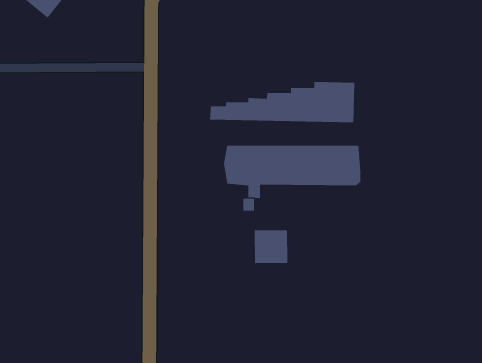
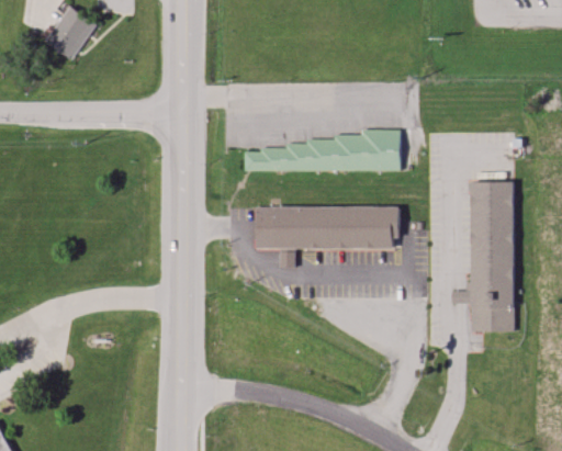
building: none -> [456,177,516,326]
building: [254,230,288,264] -> none

